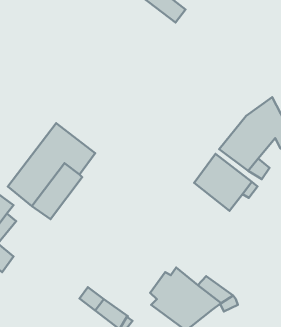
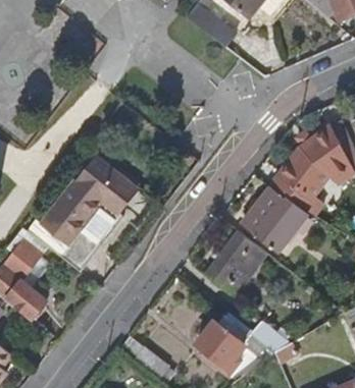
building: none -> [206,231,269,295]

